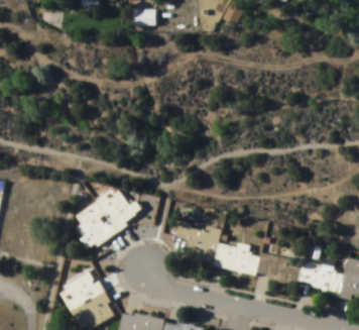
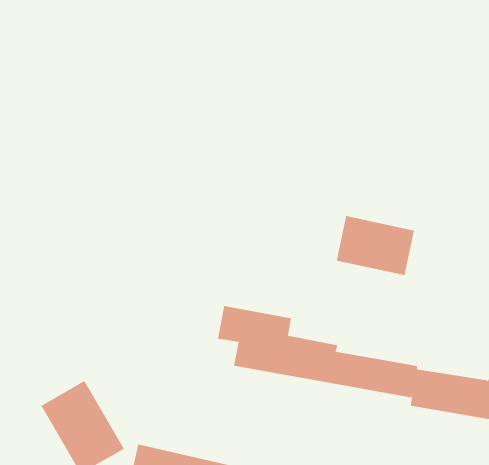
building: none -> [336,215,414,276]
building: [74,187,145,249] -> none

